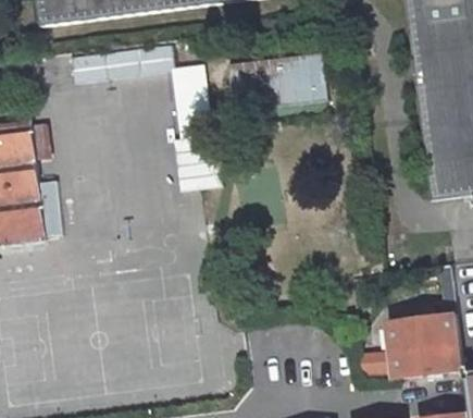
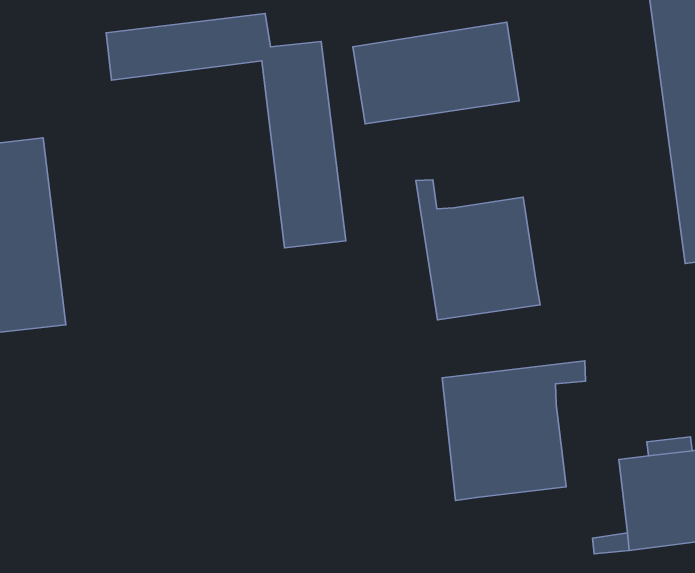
building: none -> [416,180,540,320]
building: none -> [442,361,586,500]

